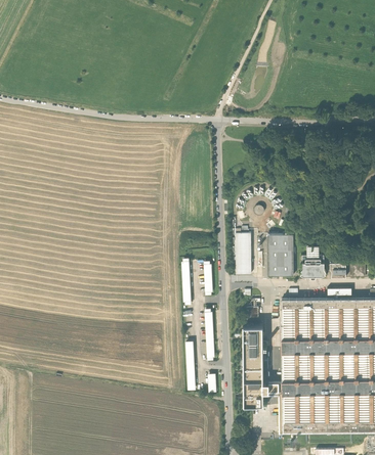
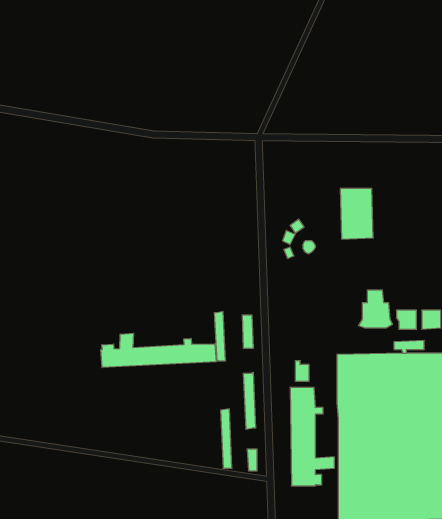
building: [235,233,250,273] -> none
building: [266,234,293,275] -> [340,189,373,239]
building: none -> [101,333,216,368]

